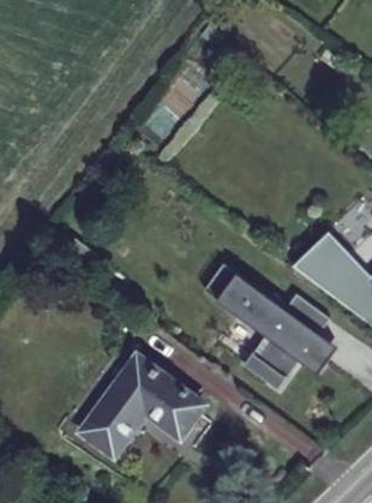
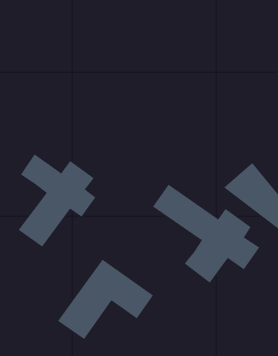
building: none -> [18,154,96,248]

